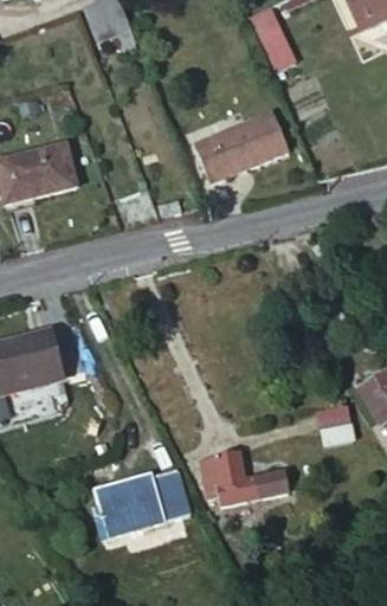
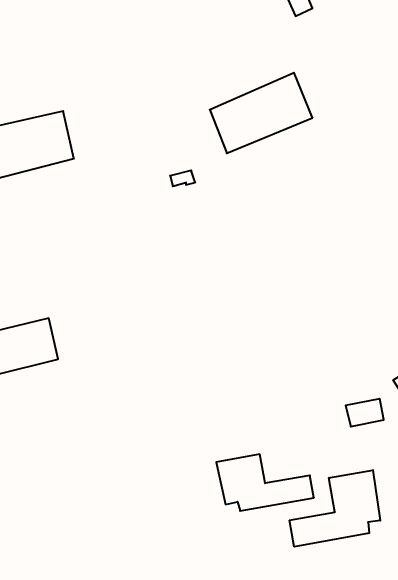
building: none -> [290,470,380,547]
building: [95,468,189,537] -> none

